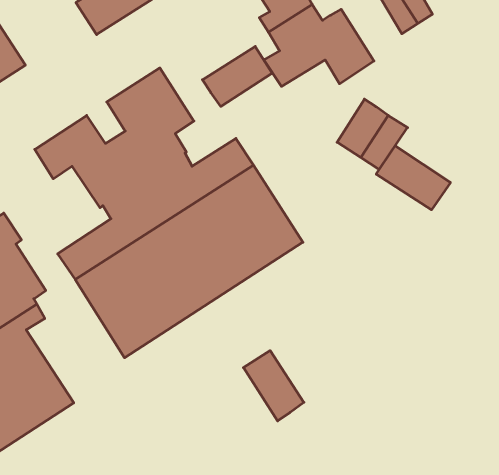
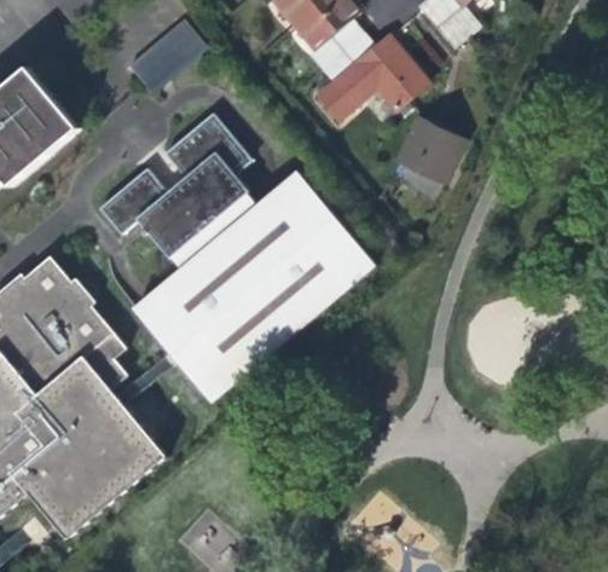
building: [202,46,272,106] -> none
building: [376,146,450,210] -> none
building: [243,351,304,421] -> none

